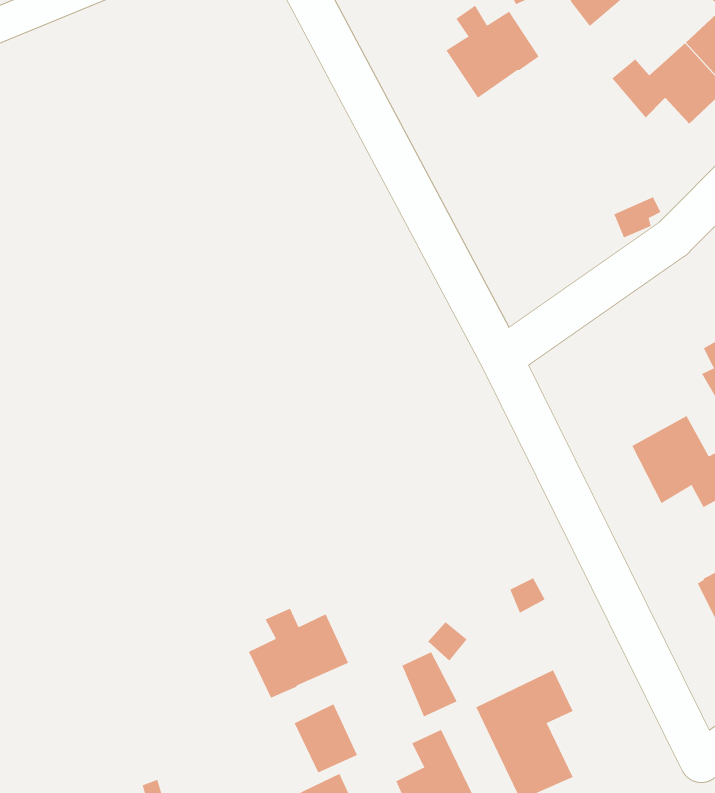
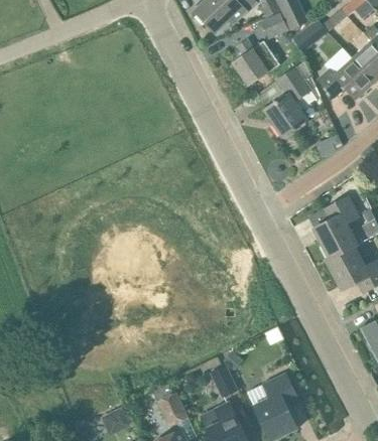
building: none -> [266,68,317,135]
building: none -> [313,196,358,261]
building: [248,608,349,699] -> none

